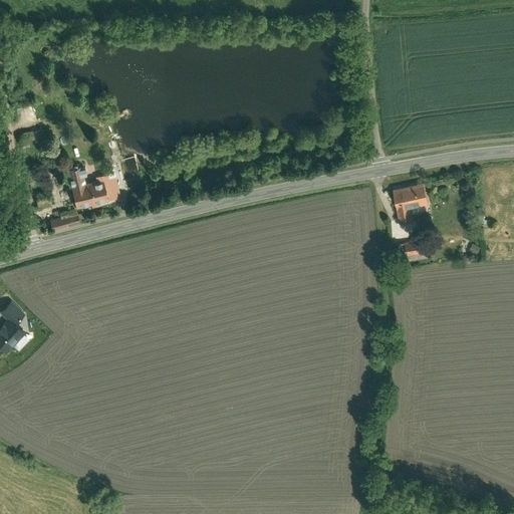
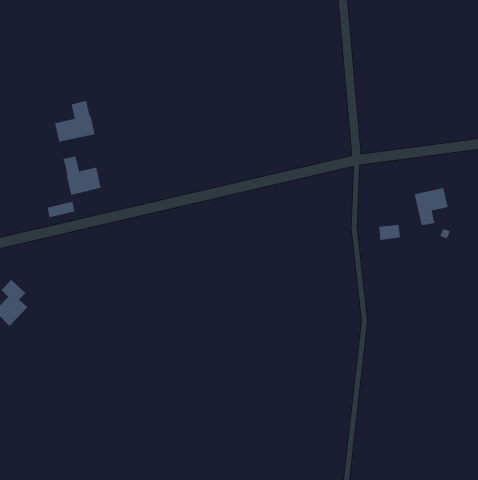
building: none -> [54,100,95,143]
building: [392,183,429,224] -> [414,187,448,226]

